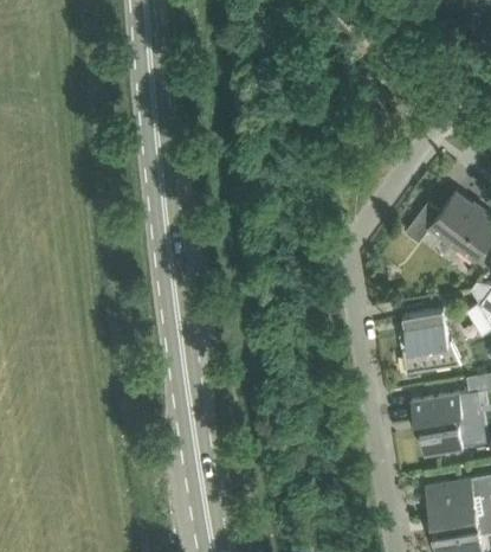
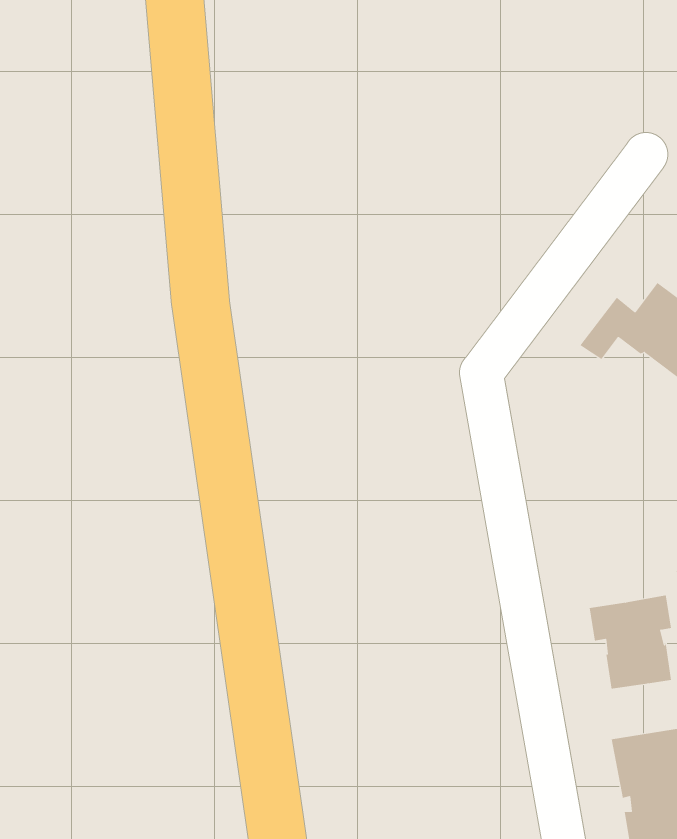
building: [400,310,460,373] -> none

